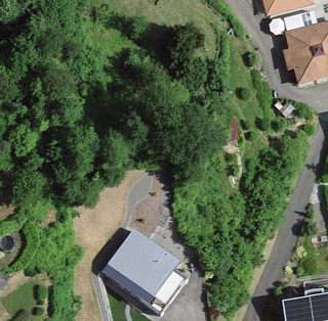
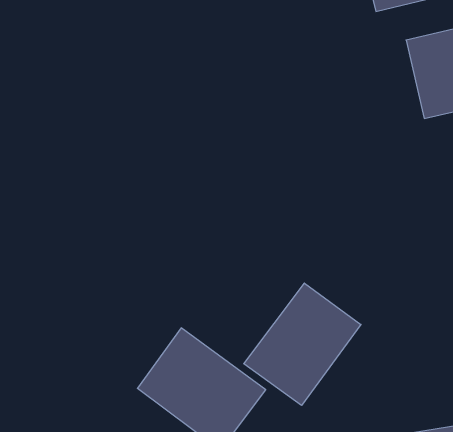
building: none -> [244,283,361,405]

